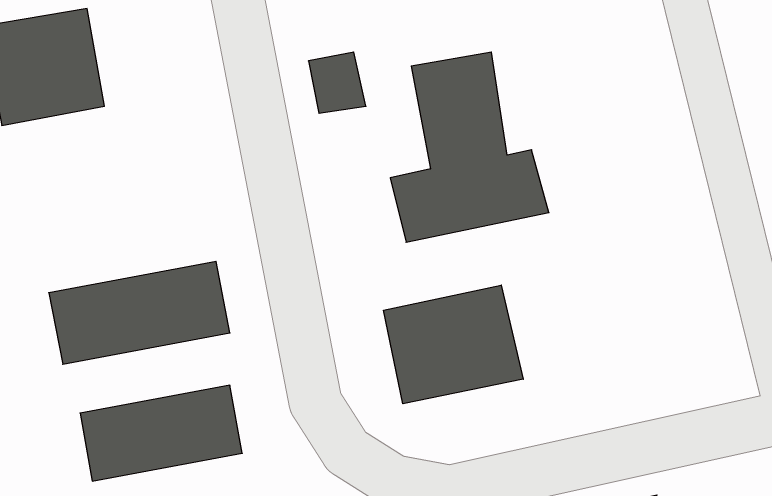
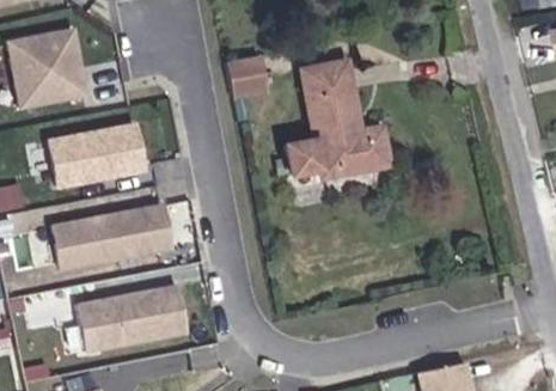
building: none -> [45,118,149,188]
building: [384,285,523,404] -> none

